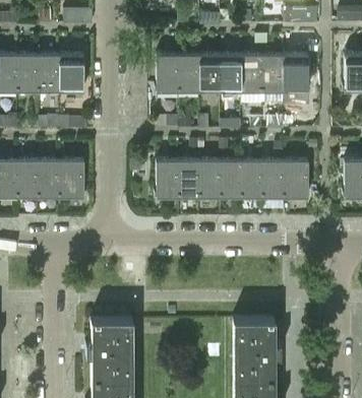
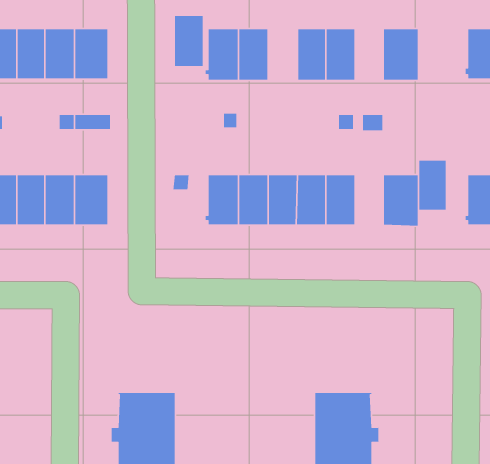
building: [200,55,222,92] -> [174,15,204,67]
building: [263,55,284,92] -> none
building: [263,160,284,197] -> [418,160,446,210]

